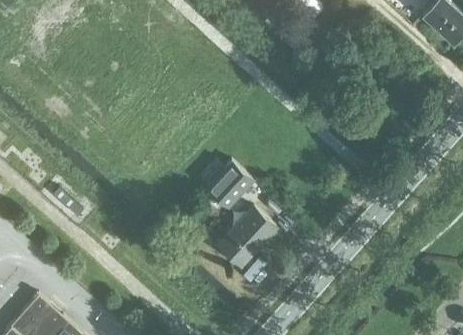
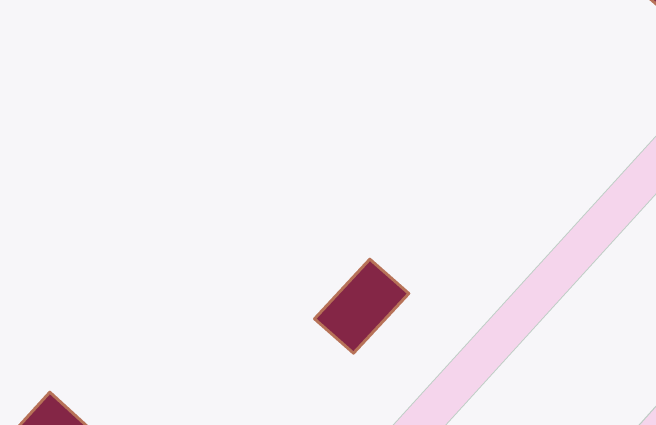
building: [205,163,253,210] -> none

